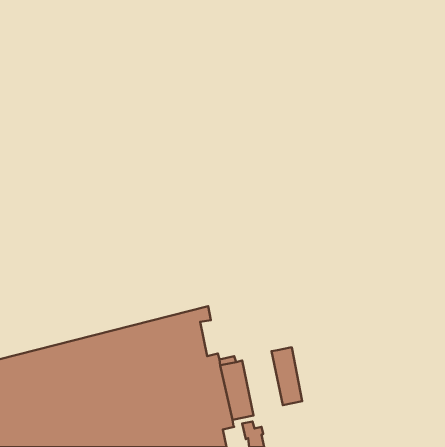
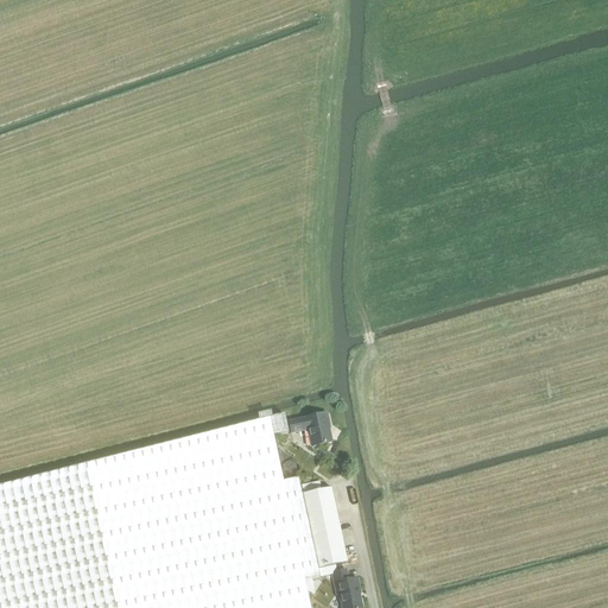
building: none -> [287,416,330,449]
building: [272,347,302,405] -> none

